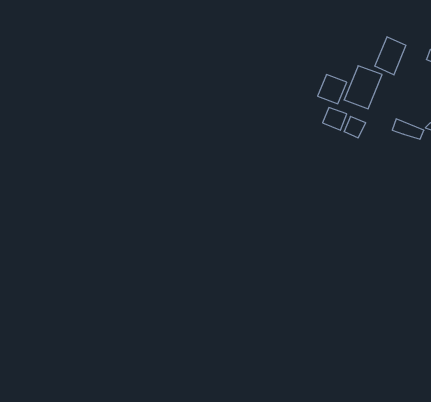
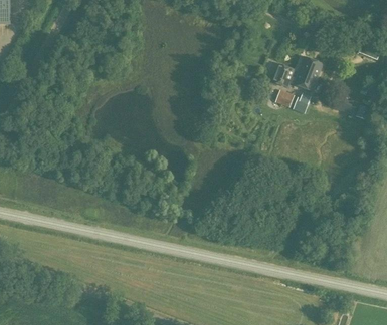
building: [375,37,406,75] -> none

